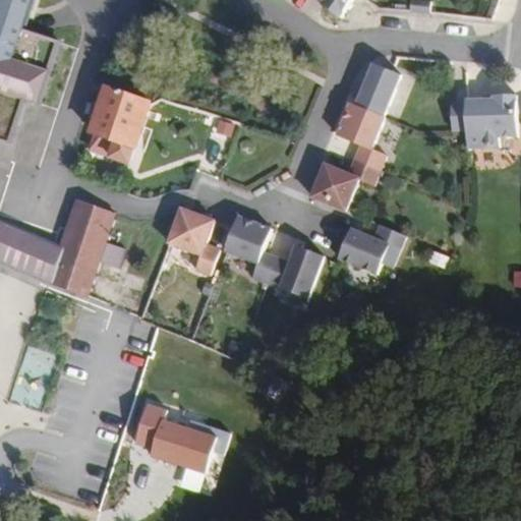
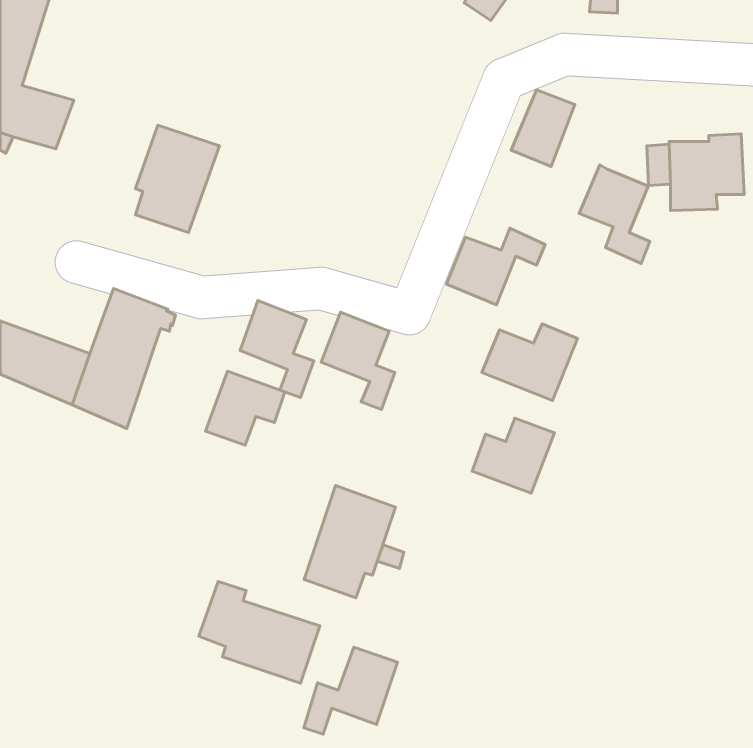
building: [334,101,383,169] -> [579,165,650,264]
building: [264,246,321,298] -> [472,418,555,493]
building: none -> [205,371,285,445]
building: none -> [304,486,396,598]
building: none -> [304,647,398,734]

